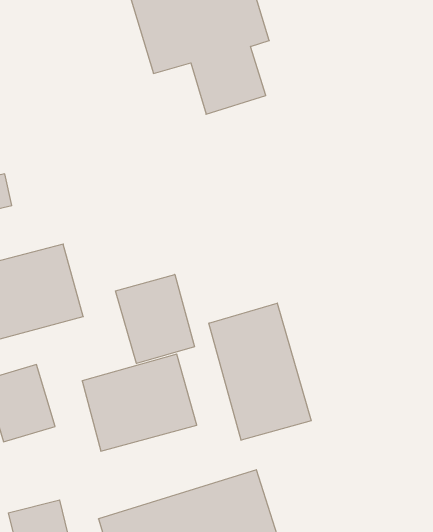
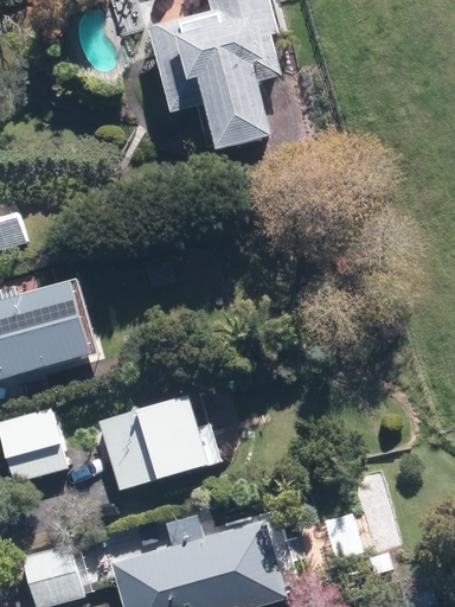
building: [115,274,194,363] -> none
building: [209,303,311,440] -> none

